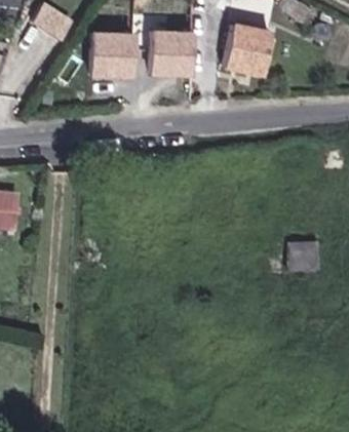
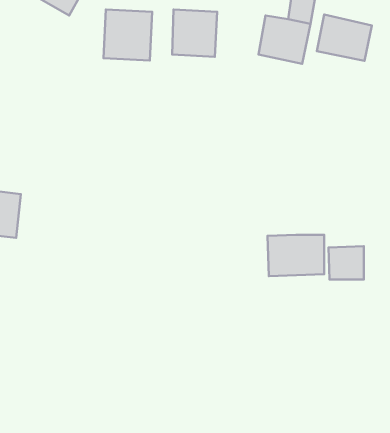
building: none -> [317,15,372,61]
building: none -> [268,235,324,276]

